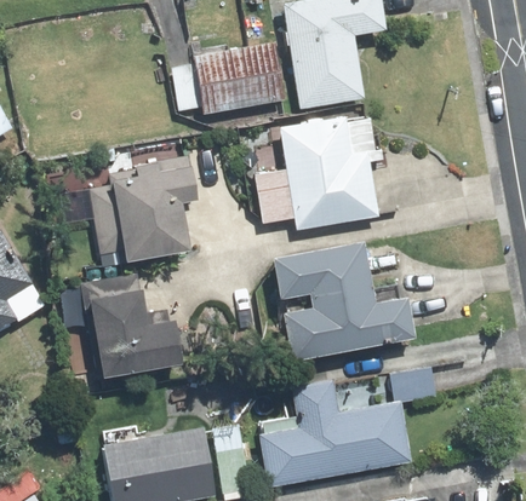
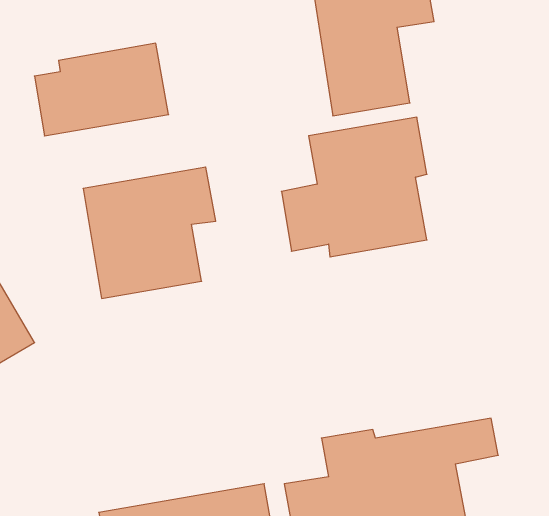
building: [171,40,285,119] -> [34,43,169,136]
building: [269,241,414,361] -> none
building: [80,272,179,379] -> none

